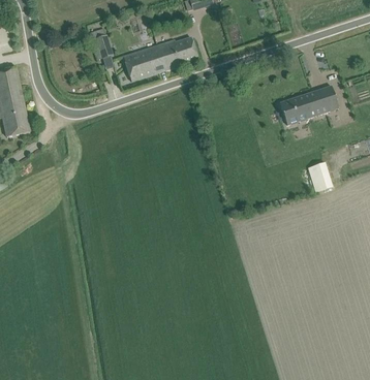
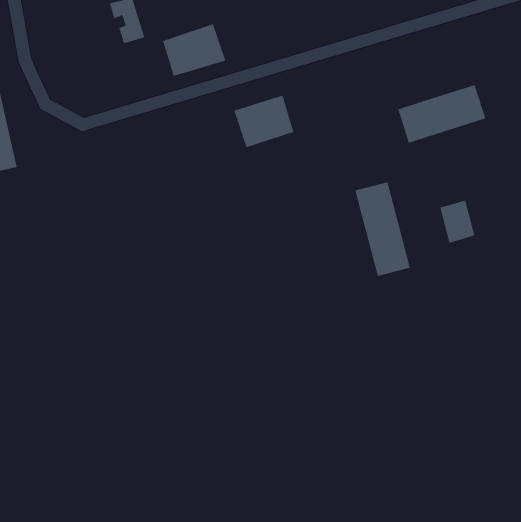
building: [158,34,198,69] -> [233,95,294,148]
building: none -> [355,181,410,277]

